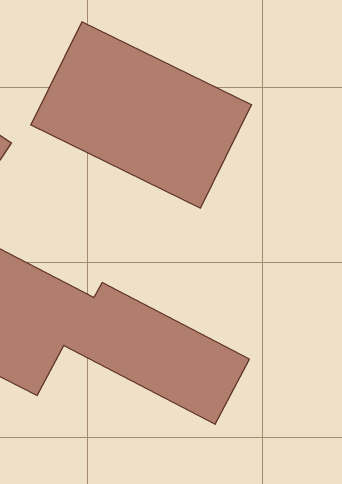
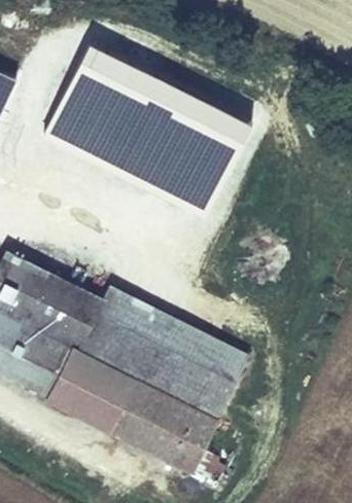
building: none -> [46,347,219,473]

